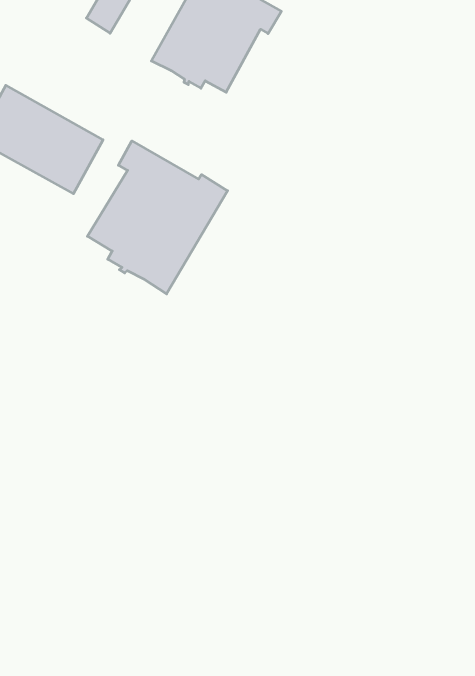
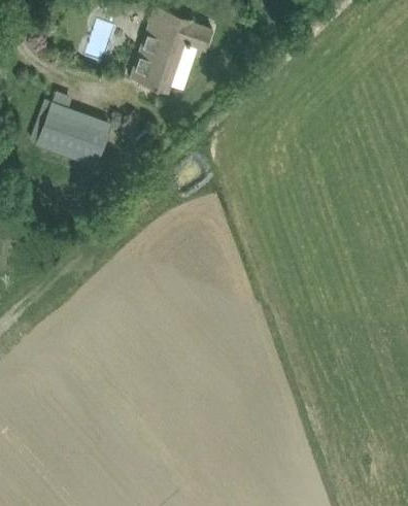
building: [87,141,228,294] -> none

